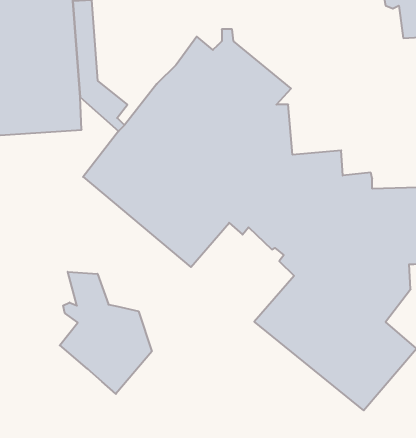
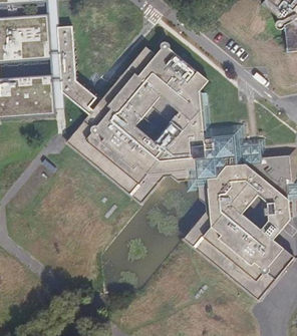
building: [60,272,152,394] -> none

